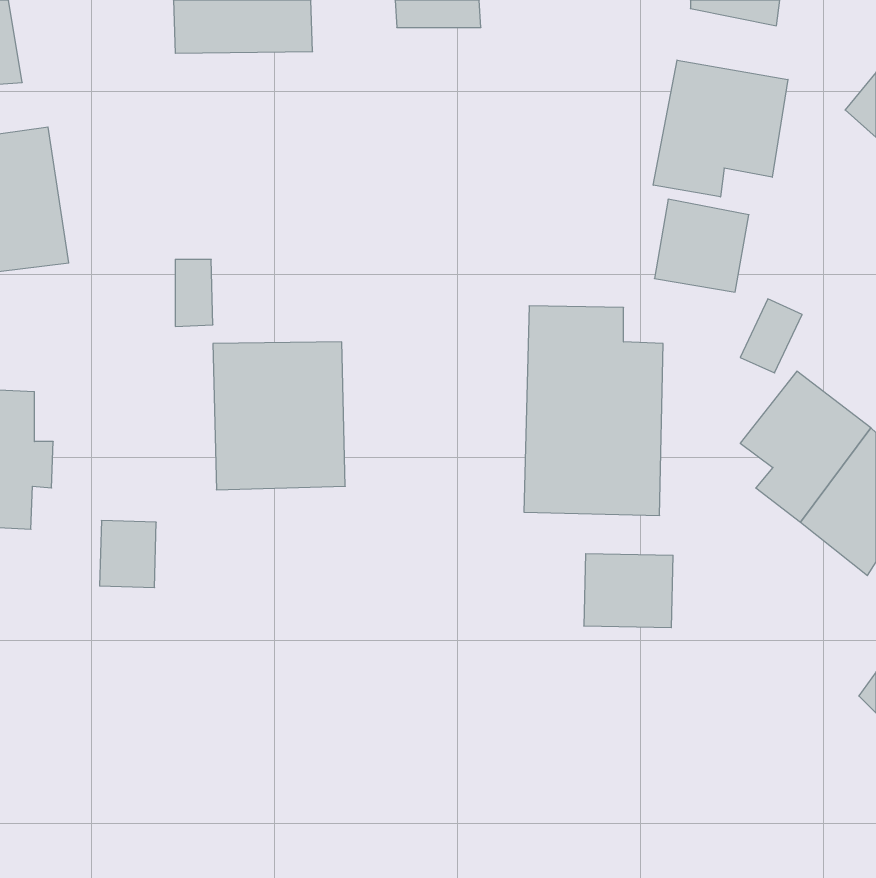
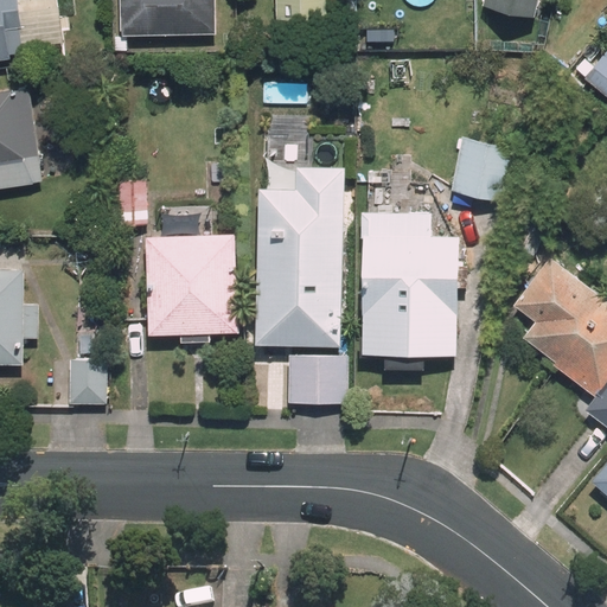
building: [653,60,788,197] -> none
building: none -> [255,168,343,346]
building: [584,554,673,628] -> [287,353,349,404]

